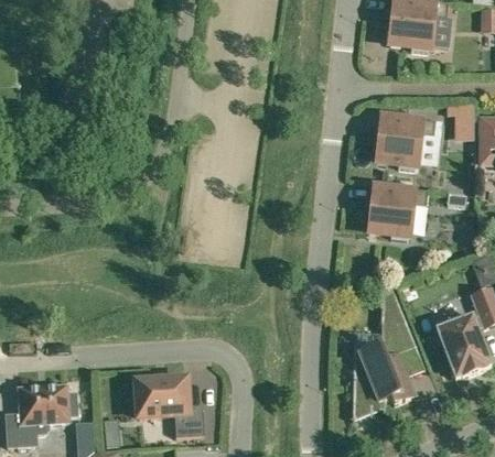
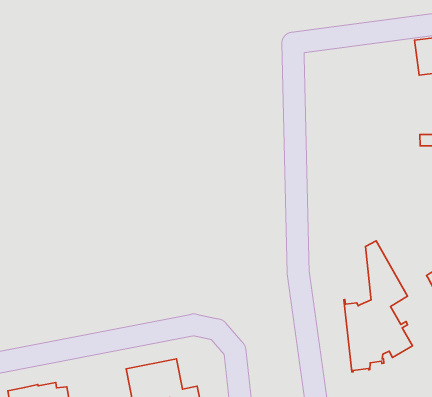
building: [376,113,435,168] -> none
building: [368,184,428,239] -> none

